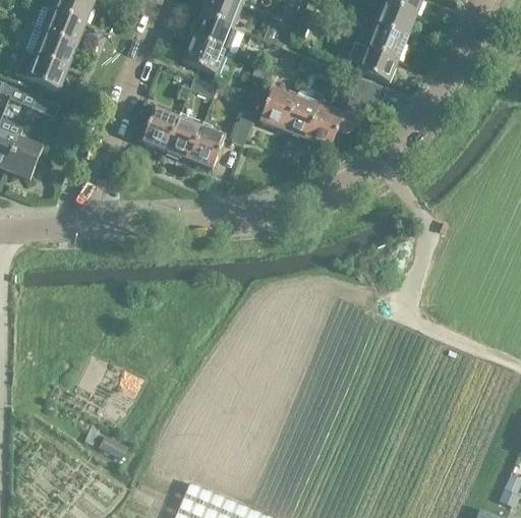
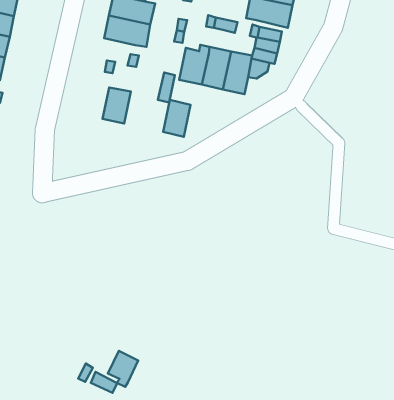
building: [140,107,178,151] -> none
building: [188,125,224,169] -> [163,100,191,137]
building: none -> [108,351,138,387]

